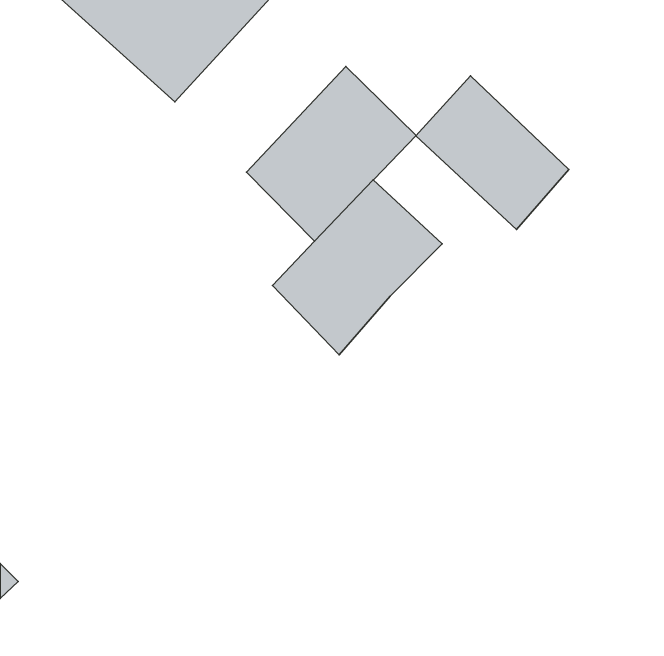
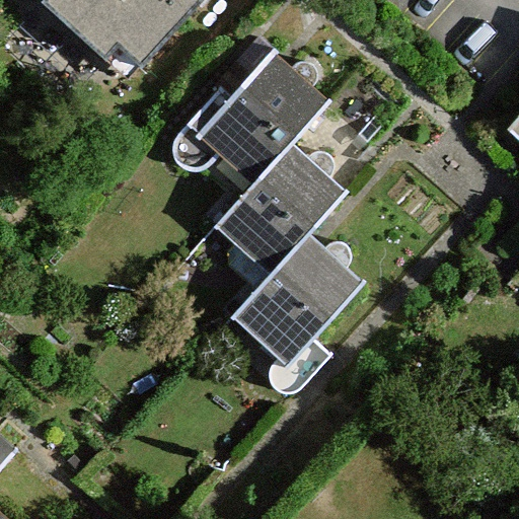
building: [416,76,569,229] -> none
building: none -> [231,230,358,366]

